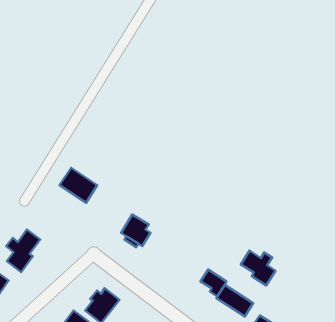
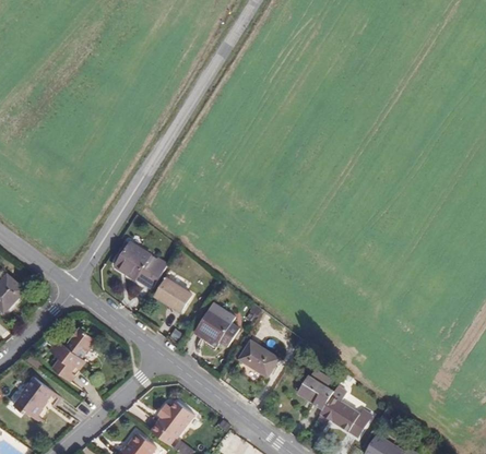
building: none -> [155,273,195,313]
building: none -> [241,342,281,377]
building: [241,251,275,286] -> none

